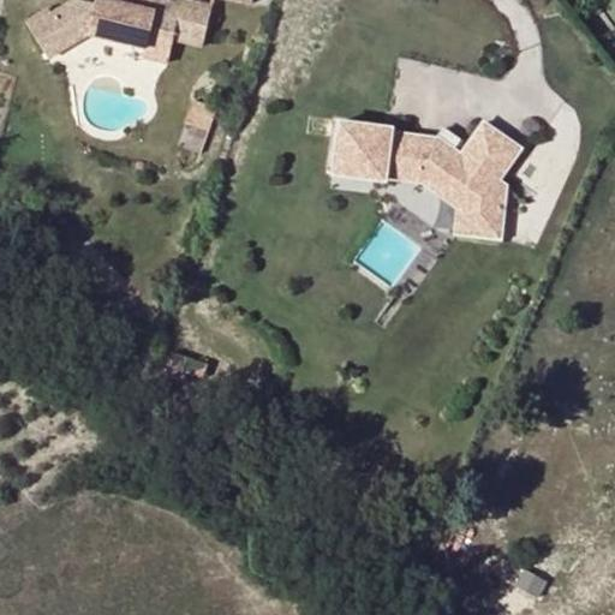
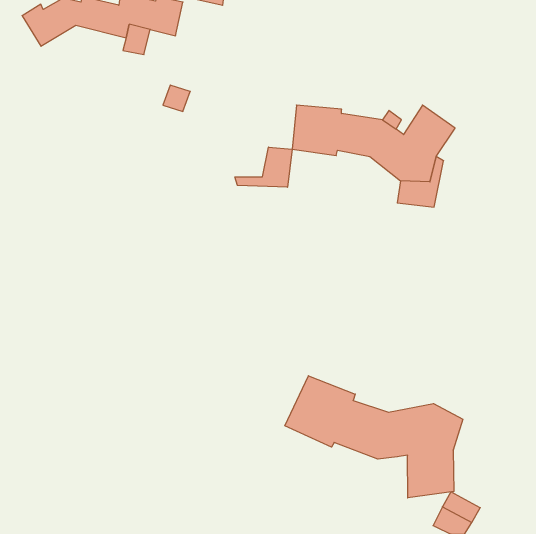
building: none -> [235,147,292,187]
building: none -> [285,376,463,498]

